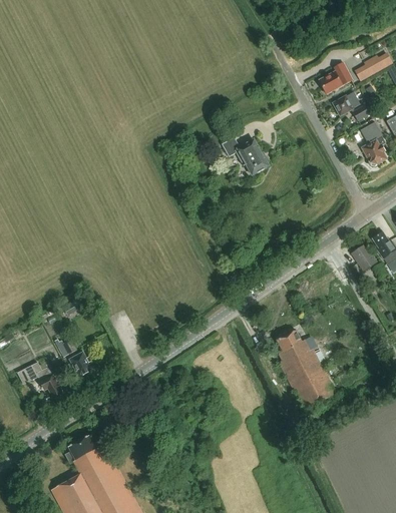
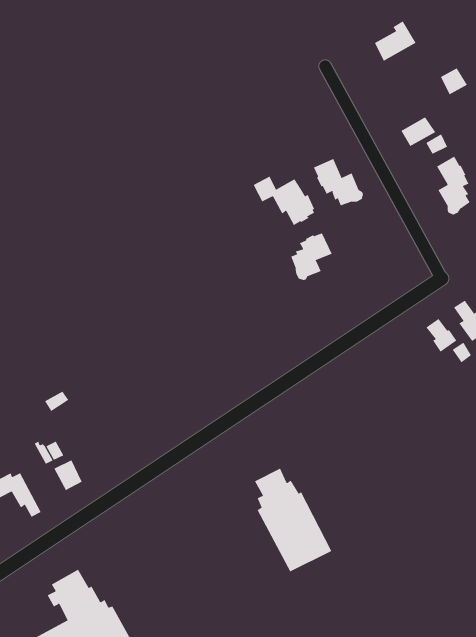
building: [320,63,352,94] -> [374,21,416,61]
building: none -> [313,158,363,206]
building: none -> [291,232,332,281]
building: [277,331,336,410] -> [254,468,332,572]

